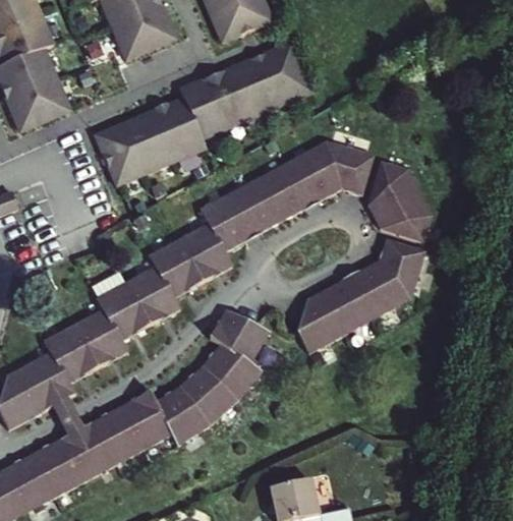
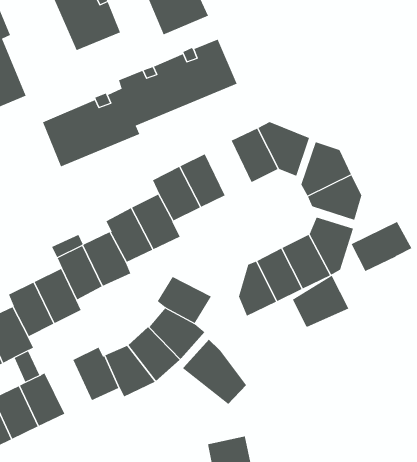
building: [267,160,318,221] -> none
building: none -> [351,221,412,272]
building: none -> [292,275,349,328]
building: none -> [182,339,247,405]
building: [89,403,140,463] -> none

